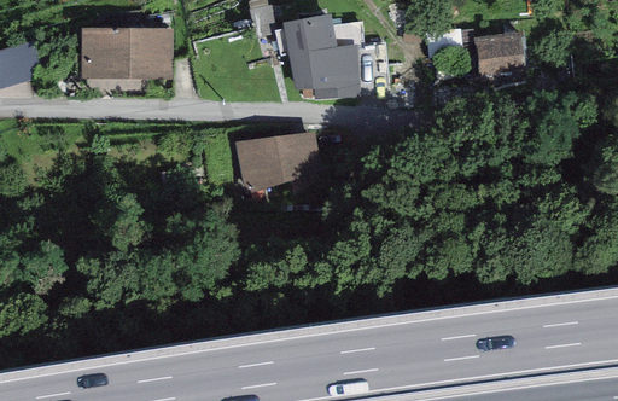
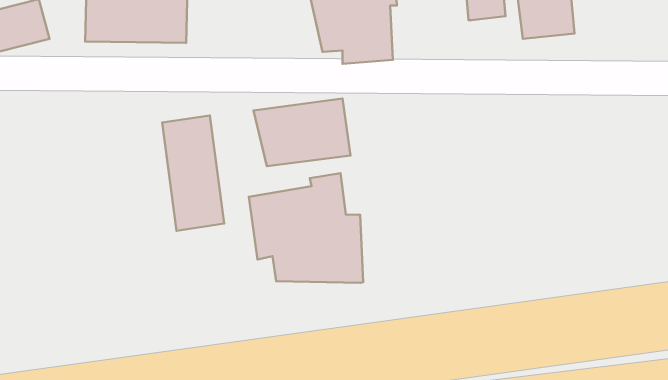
building: none -> [162,115,224,231]
building: none -> [249,173,363,283]

